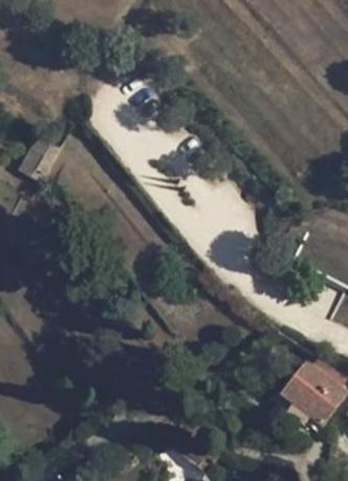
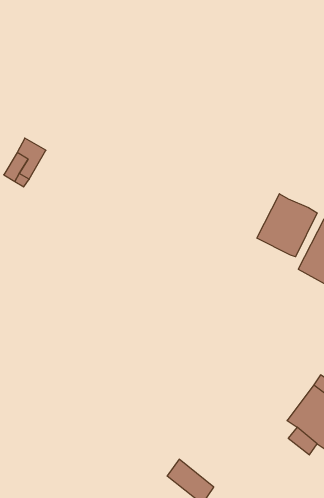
building: none -> [257,194,317,257]

